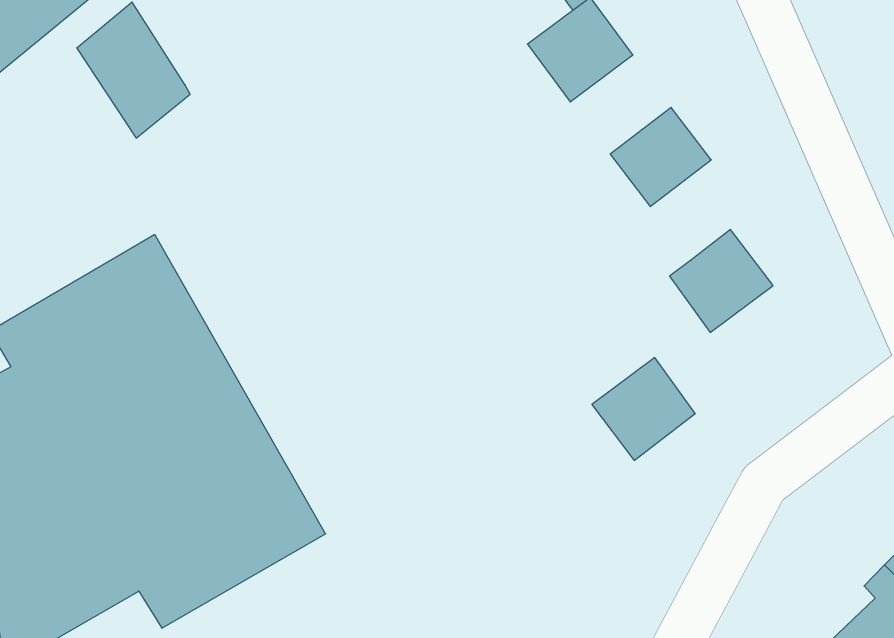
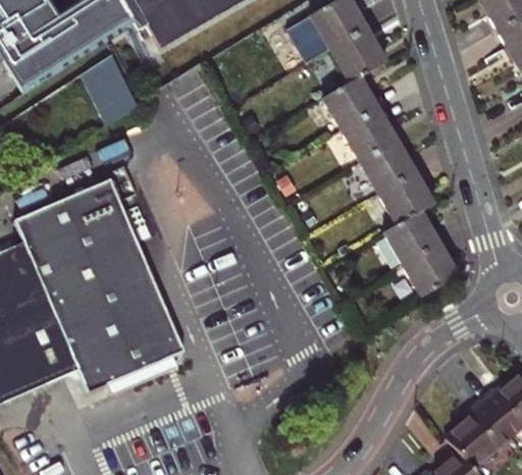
building: none -> [341,108,395,160]
building: none -> [377,169,431,222]
building: [592,357,695,460] -> [402,241,457,295]

